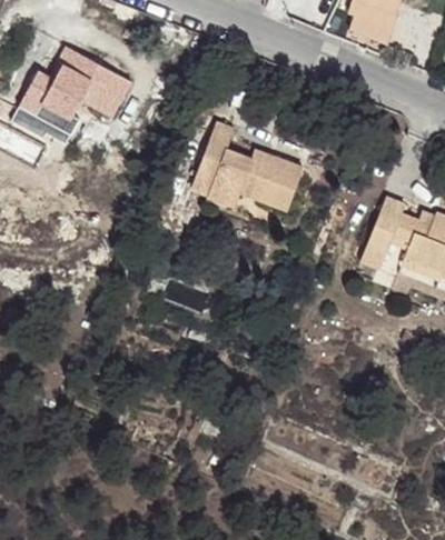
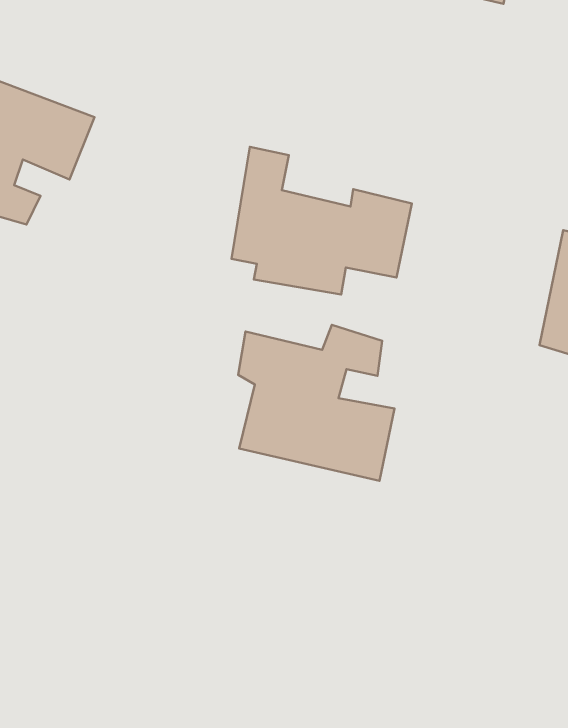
building: none -> [238,325,395,481]

